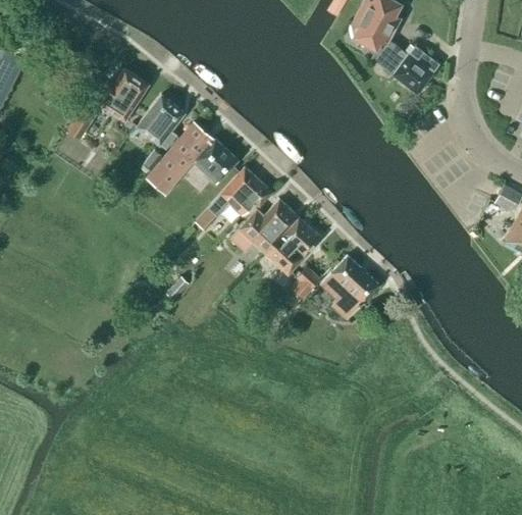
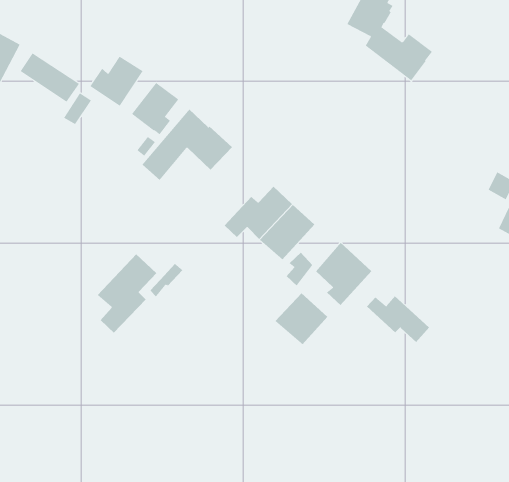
building: none -> [20,53,80,102]
building: [208,166,271,215] -> none
building: none -> [97,253,157,334]
building: none -> [275,293,328,345]
building: none -> [366,296,430,343]

